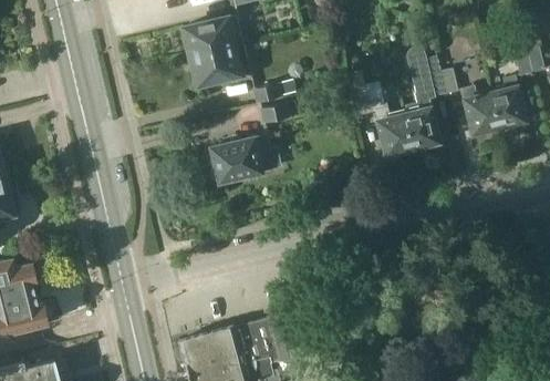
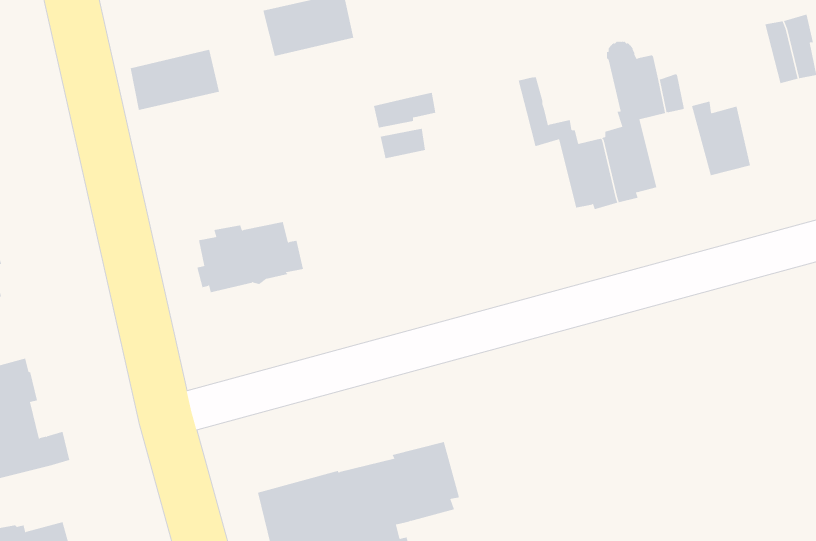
building: [190,45,249,85] -> [130,49,220,111]
building: [491,76,527,128] -> none
building: [210,135,280,182] -> [197,221,304,293]

